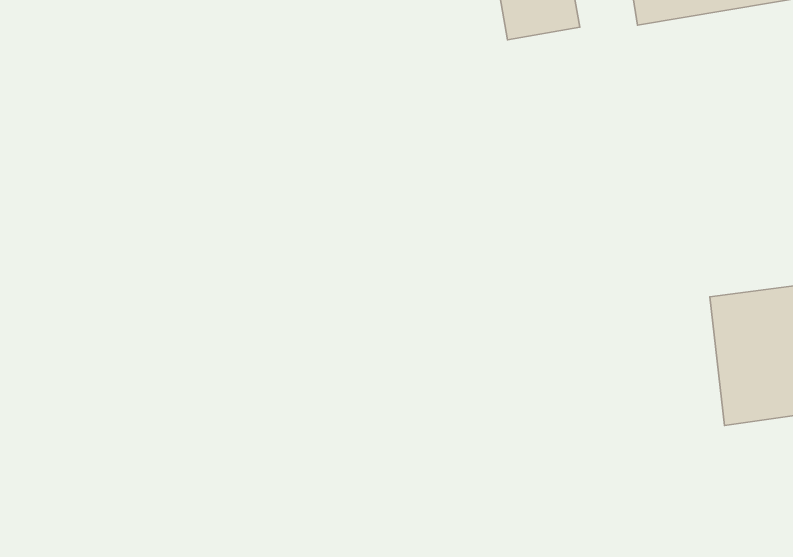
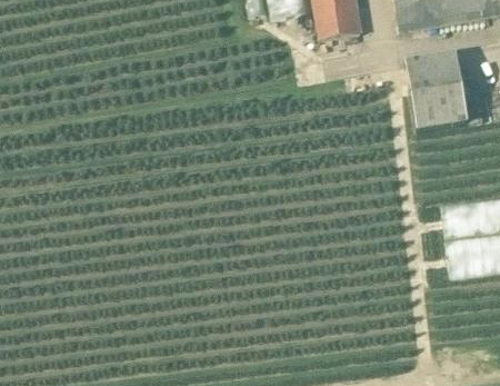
building: none -> [407,52,468,130]

